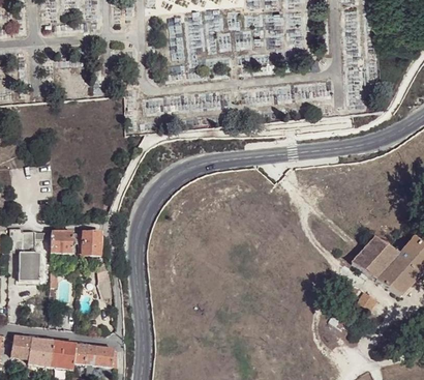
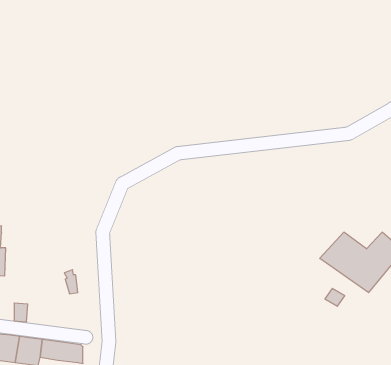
building: [52,231,73,253] -> none
building: [78,232,101,255] -> none

